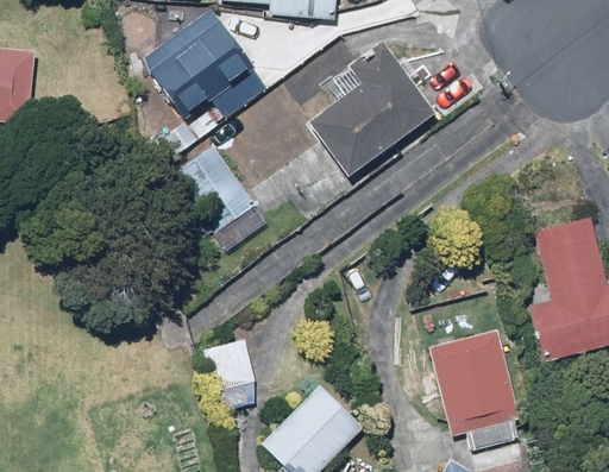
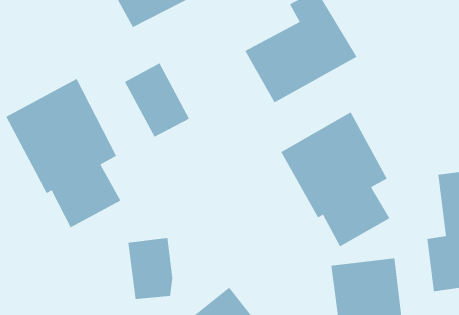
building: none -> [6,78,121,228]
building: none -> [280,112,390,247]

